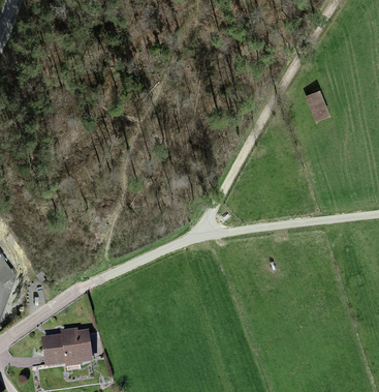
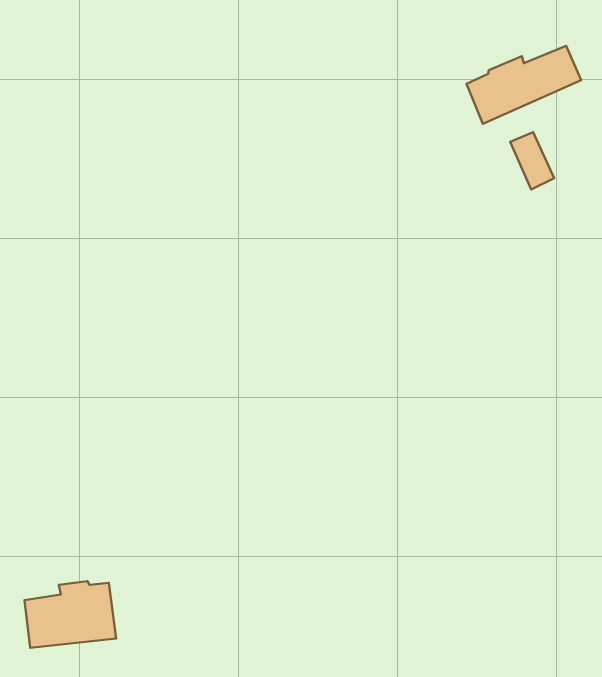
building: none -> [467,46,581,124]

